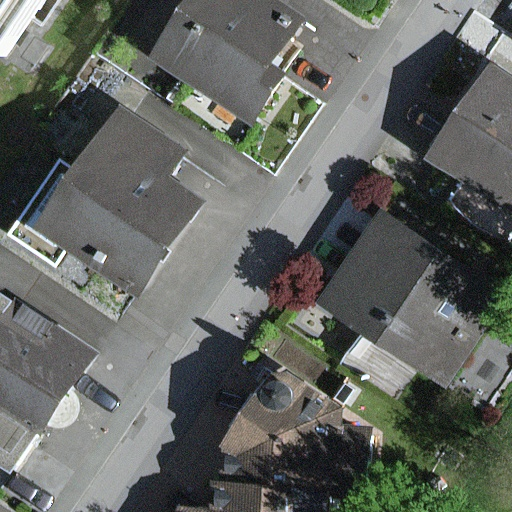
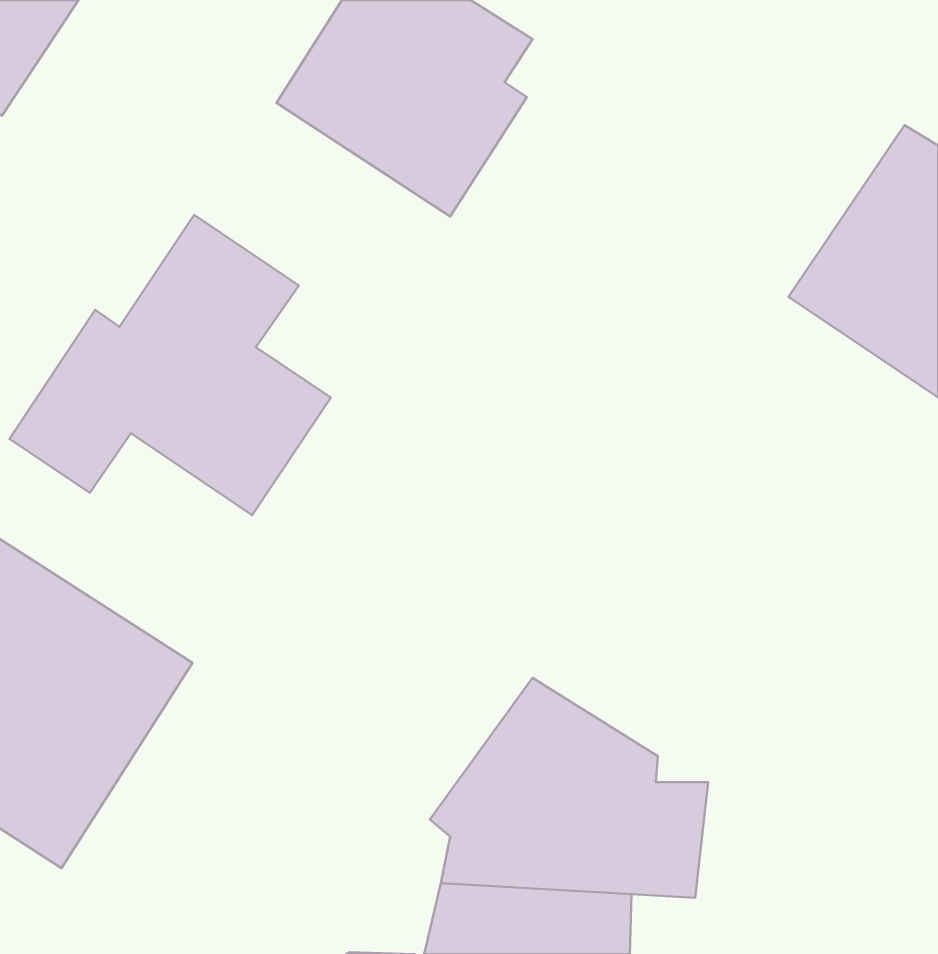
building: [314,216,494,385] -> none

